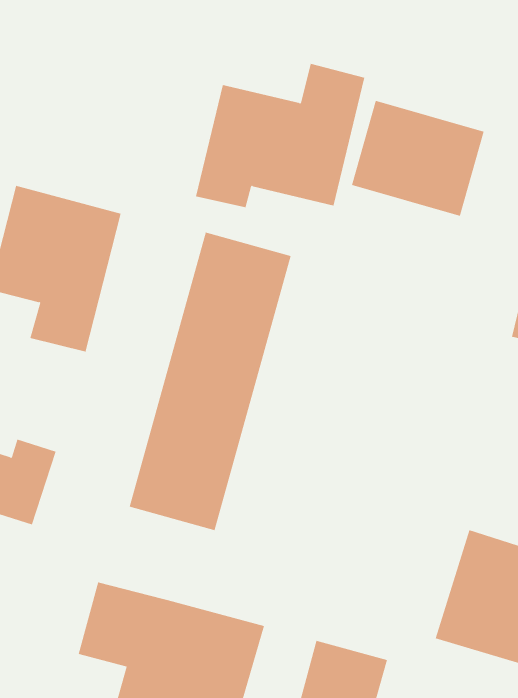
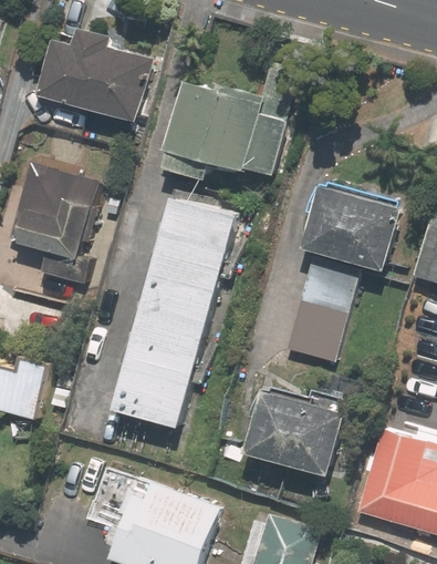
building: none -> [35,27,149,121]
building: [351,100,484,216] -> [304,182,408,273]
building: none -> [279,258,353,366]
building: none -> [244,386,352,478]

